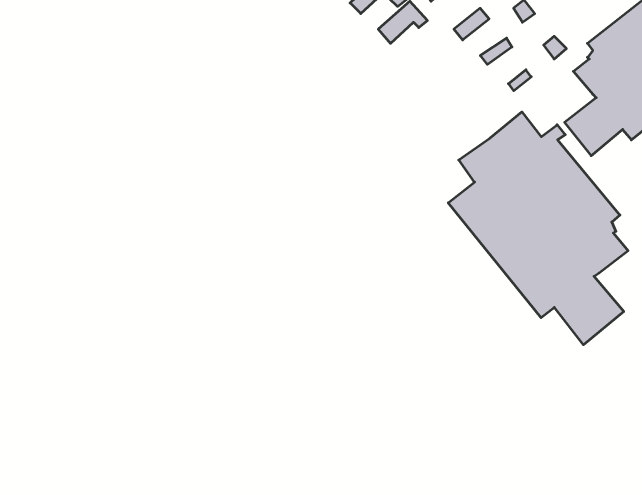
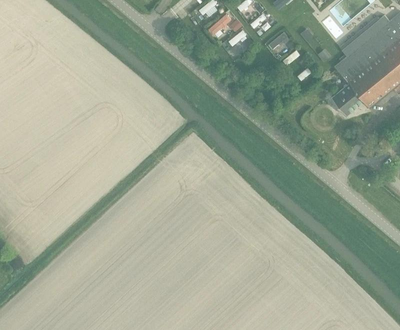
building: [448,112,628,345] -> none

